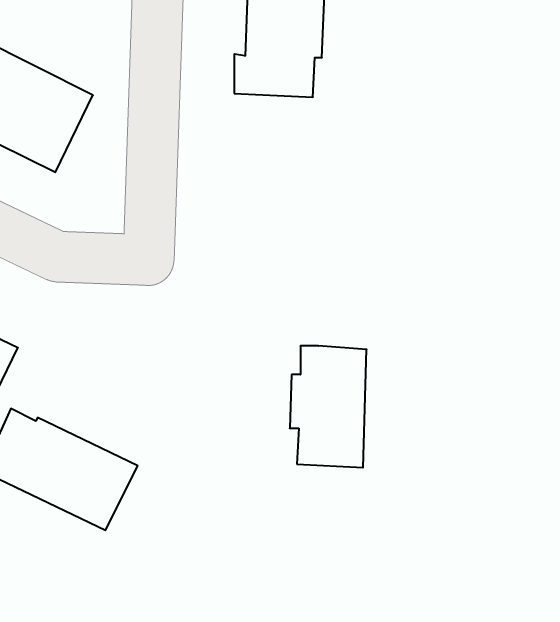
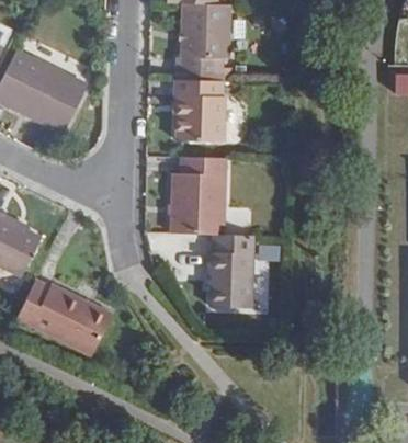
building: none -> [172,83,224,147]
building: none -> [171,159,227,238]

